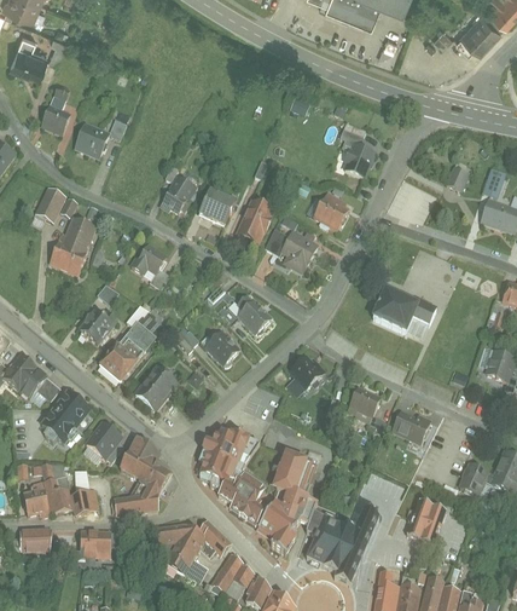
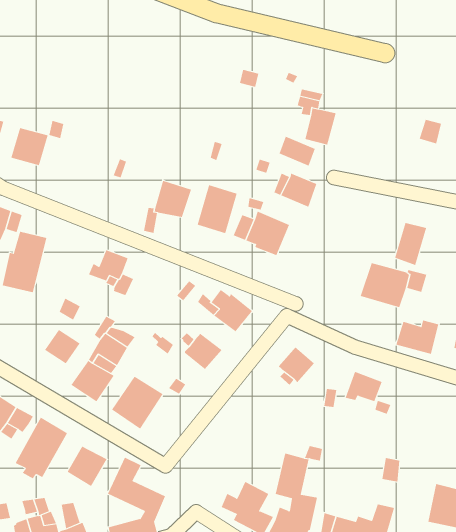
building: none -> [279,136,315,167]
building: [159,175,197,214] -> none
building: none -> [395,222,427,266]
building: [391,411,434,445] -> [396,320,439,354]
building: [197,430,252,483] -> none

